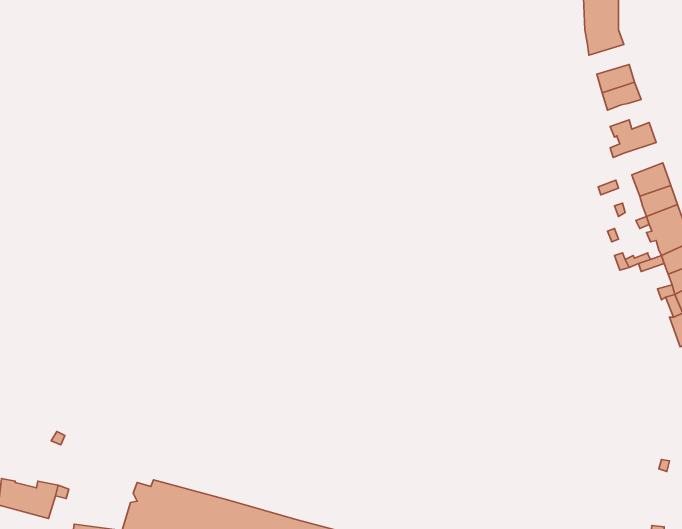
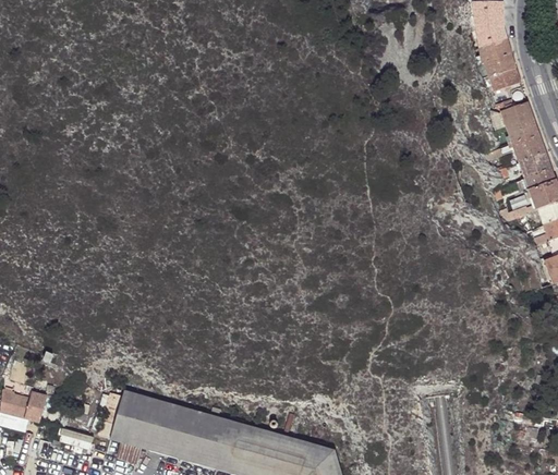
building: none -> [480,38,512,63]
building: none -> [508,118,539,144]

